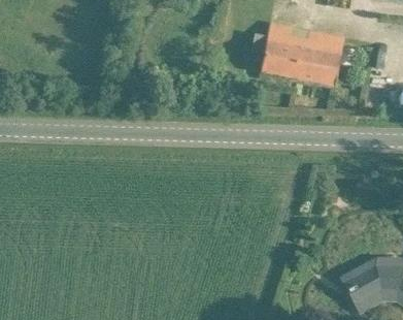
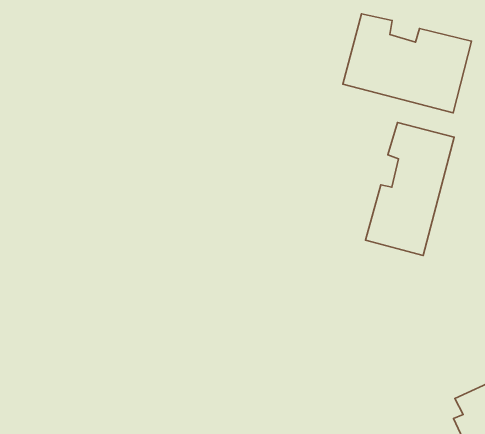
building: none -> [365,123,454,255]

